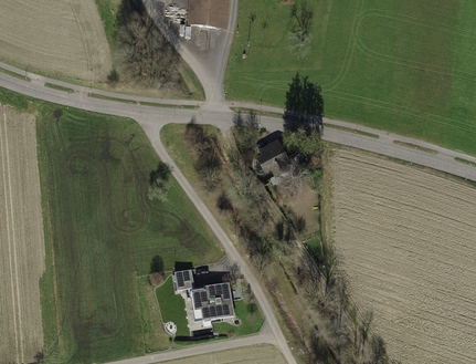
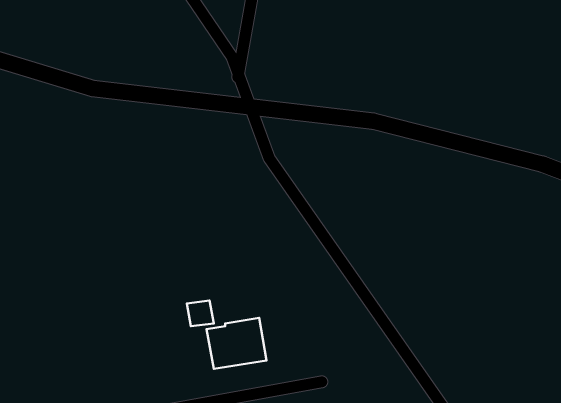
building: [255,139,292,180] -> none

